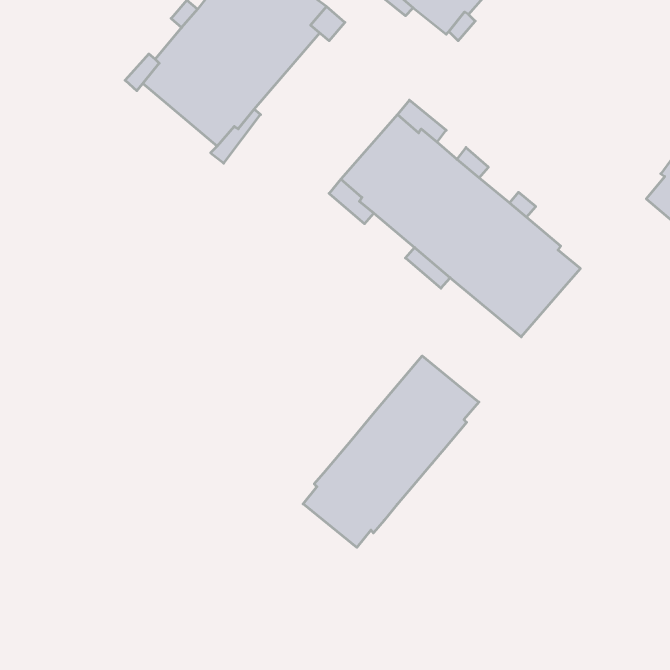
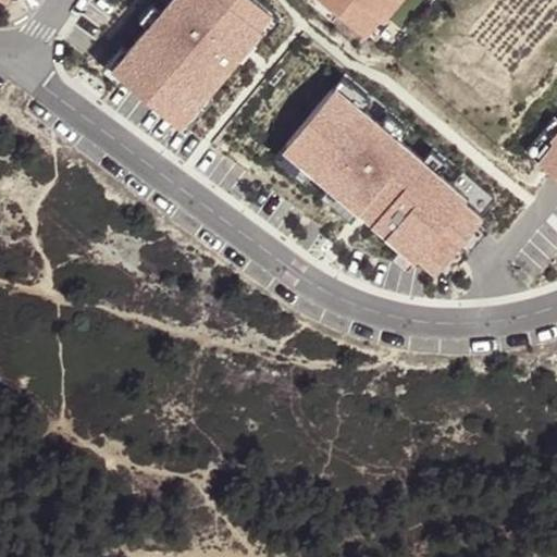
building: [303,356,479,547] -> none

